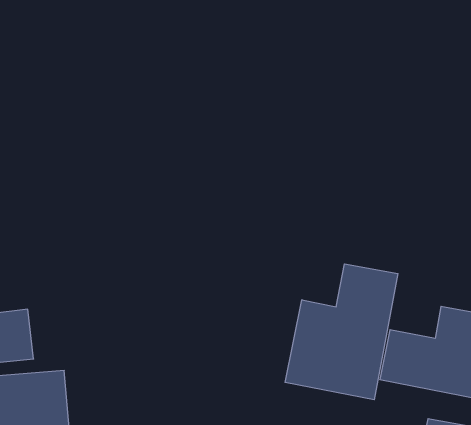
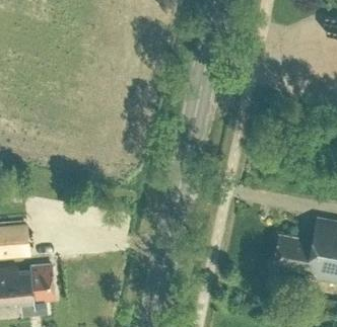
building: [285,264,398,400] -> none

